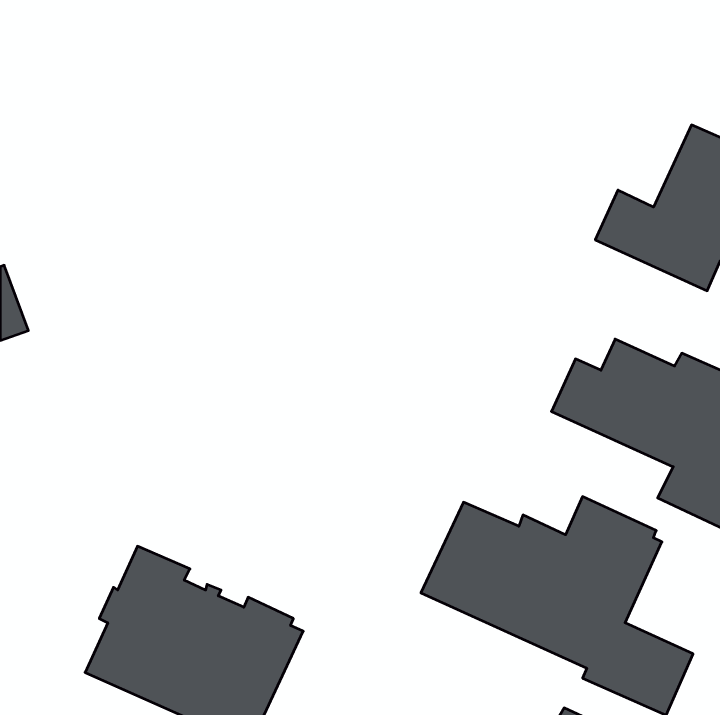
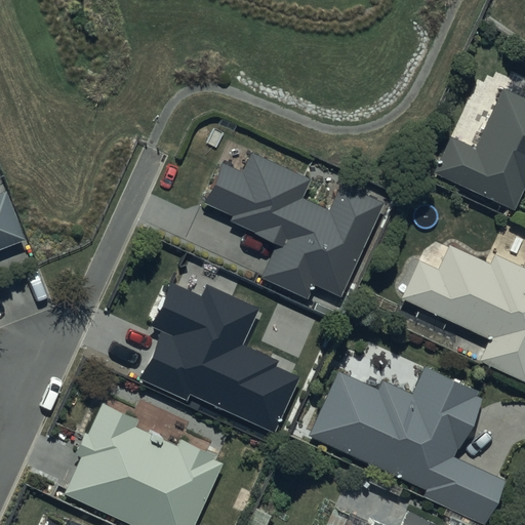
building: none -> [203,150,385,298]
building: none -> [139,282,300,433]

